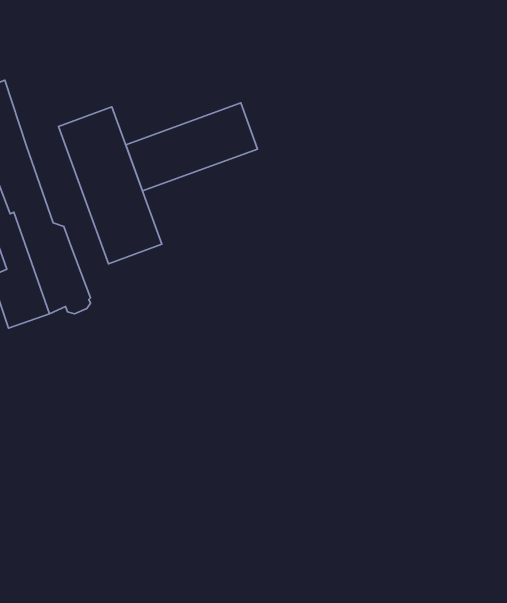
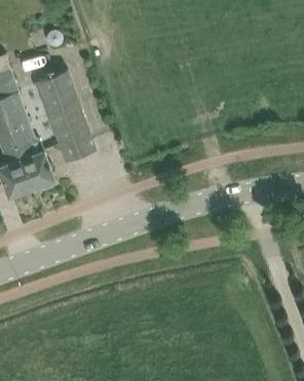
building: [126,103,258,191] -> none

